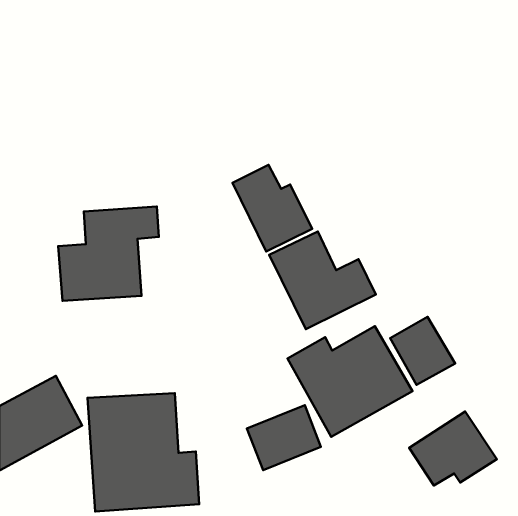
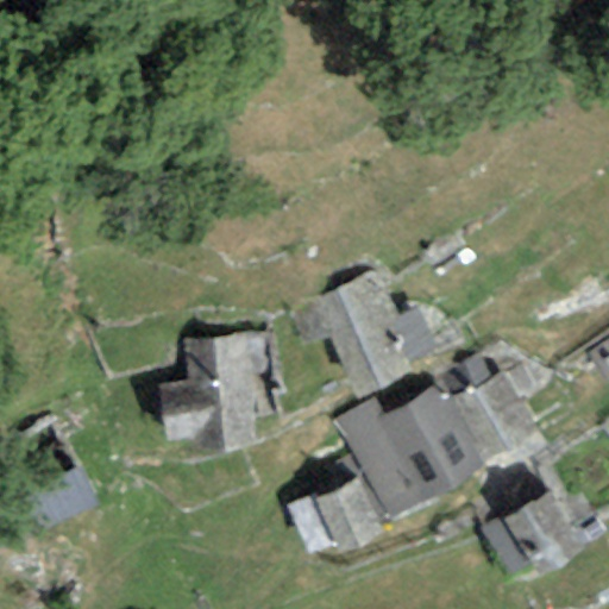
building: [232,165,312,251] -> none
building: [58,206,159,301] -> [157,337,275,447]
building: [87,393,199,511] -> none

